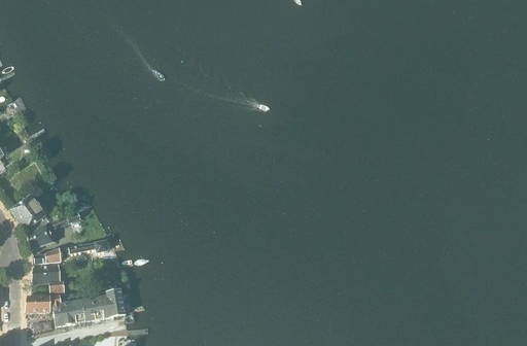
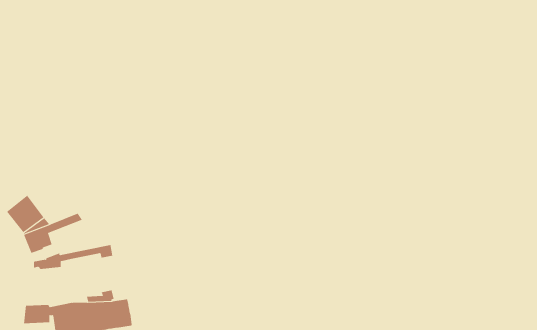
building: [32,265,65,295] -> none

